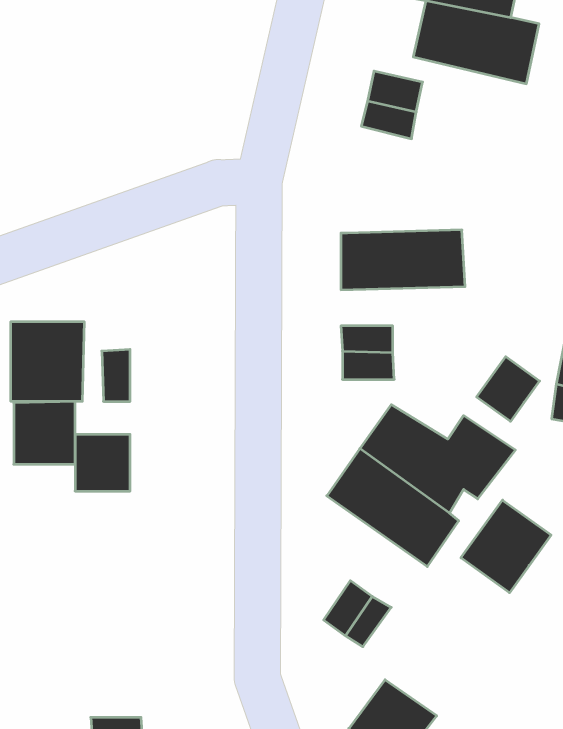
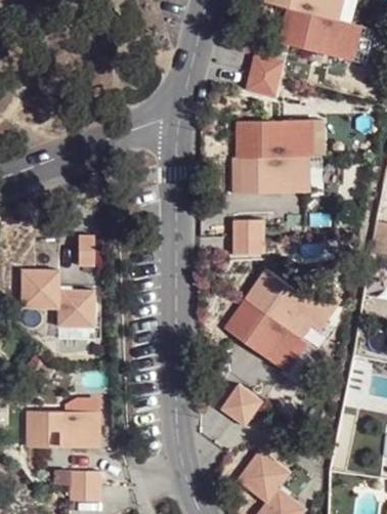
building: none -> [234,120,326,157]
building: [11,322,84,401] -> none
building: [477,357,540,421] -> none
building: [461,500,551,593] -> none
building: none -> [24,410,100,448]

